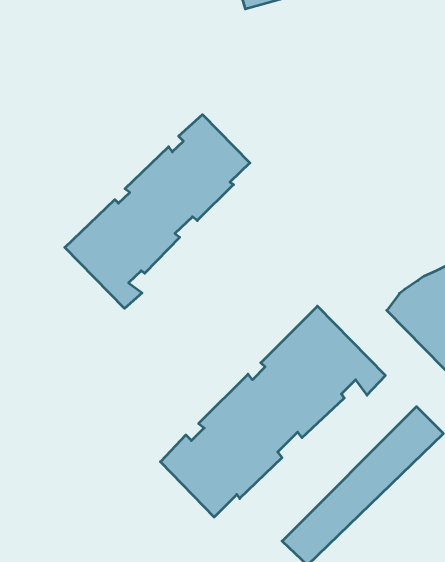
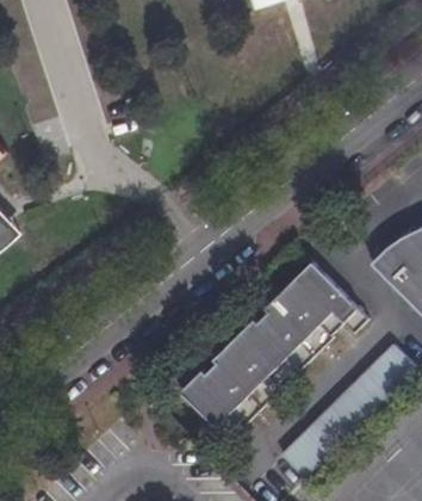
building: [65,115,250,308] -> none

